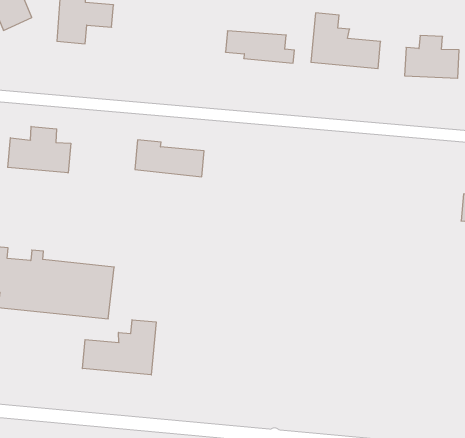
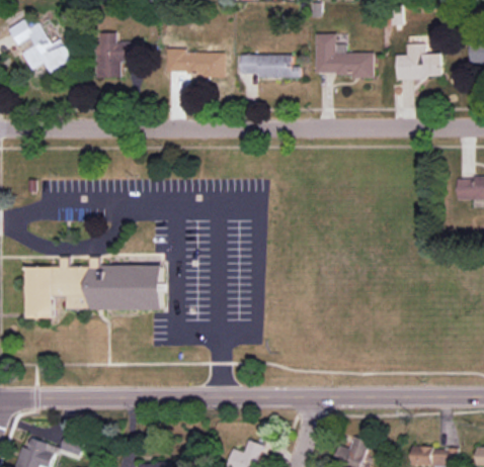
building: [8,126,71,173] -> none
building: [135,140,204,177] -> [166,49,224,75]
building: [82,320,156,375] -> none

